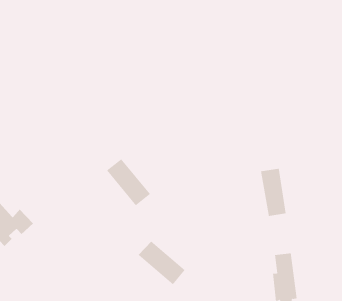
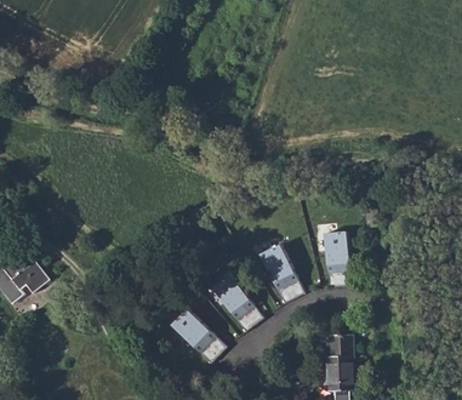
building: [106,159,151,206] -> [210,272,263,328]
building: none -> [255,239,302,297]

